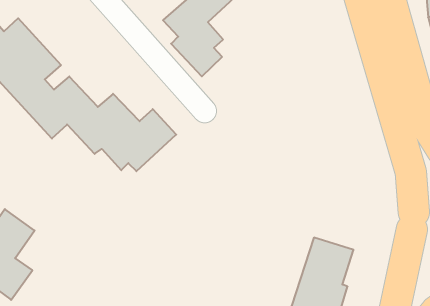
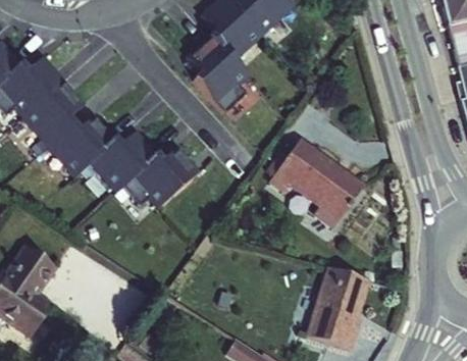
building: none -> [269,141,363,227]

